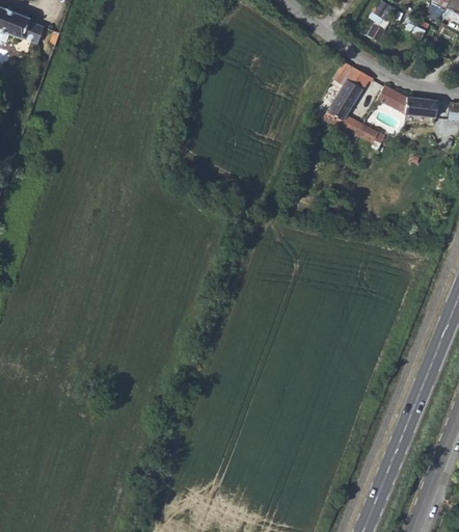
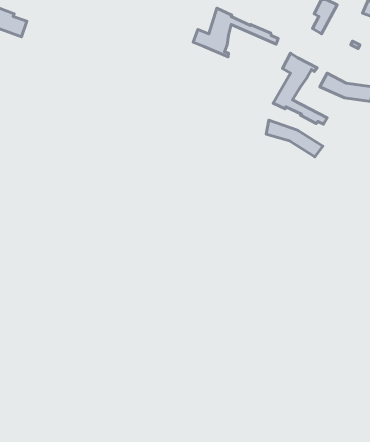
building: none -> [193,8,278,57]
building: none -> [266,120,323,157]

